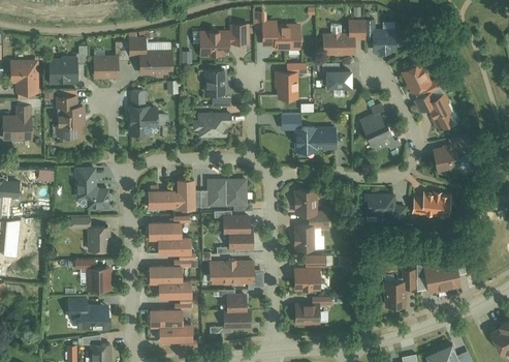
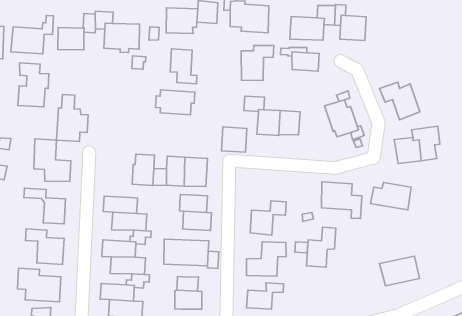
building: [400,62,445,94] -> none
building: [128,90,158,135] -> [57,95,88,141]
building: [148,186,173,209] -> none
building: [293,191,317,215] -> [222,127,247,152]
building: [386,271,413,310] -> [306,227,336,267]

